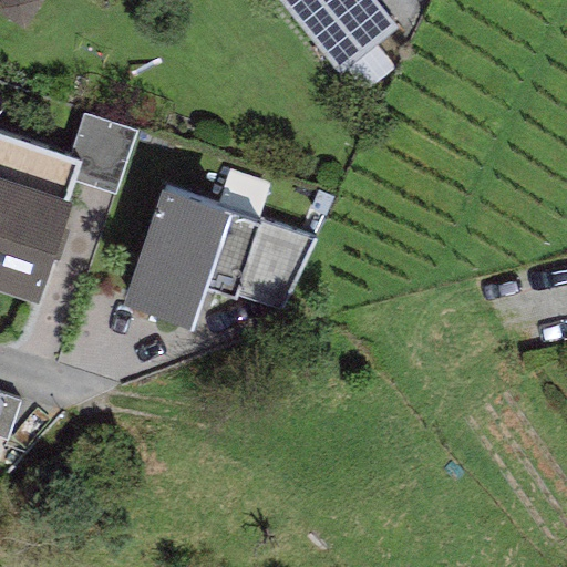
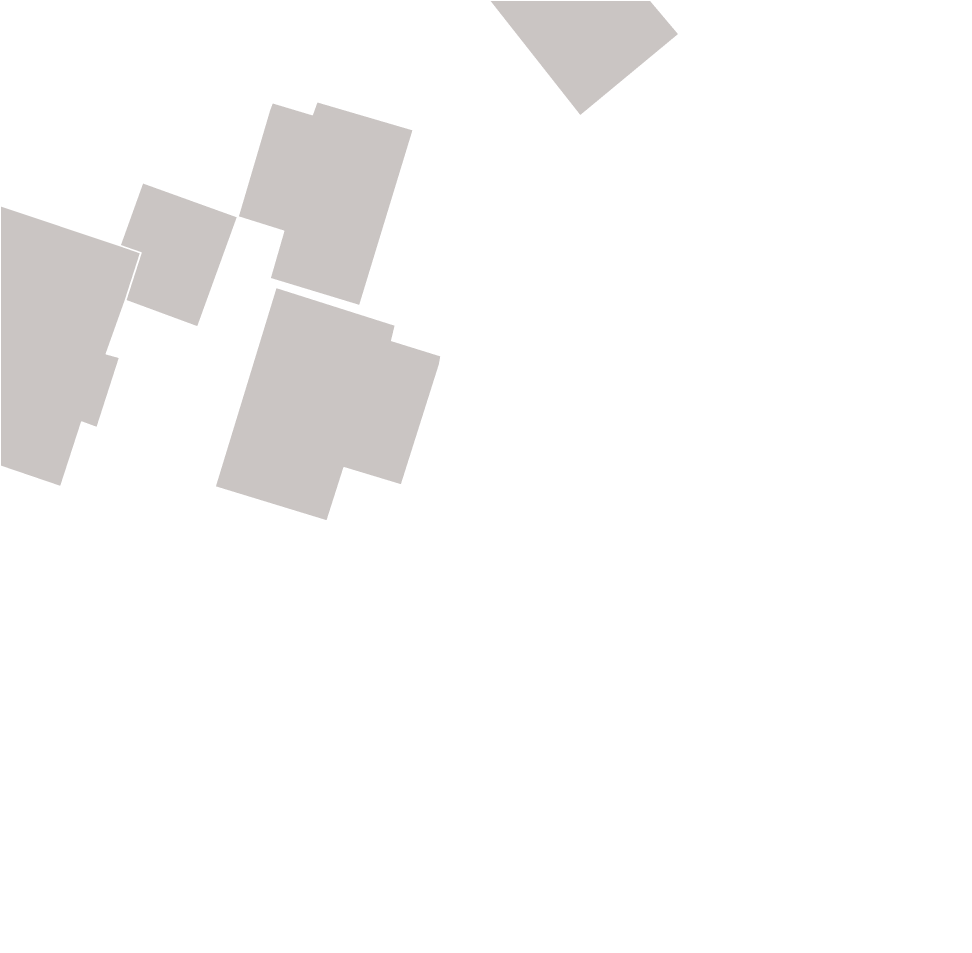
building: none -> [238,102,414,306]
building: [229,224,315,312] -> none

